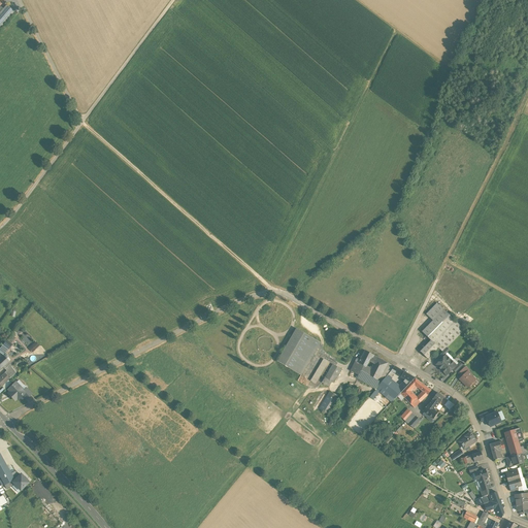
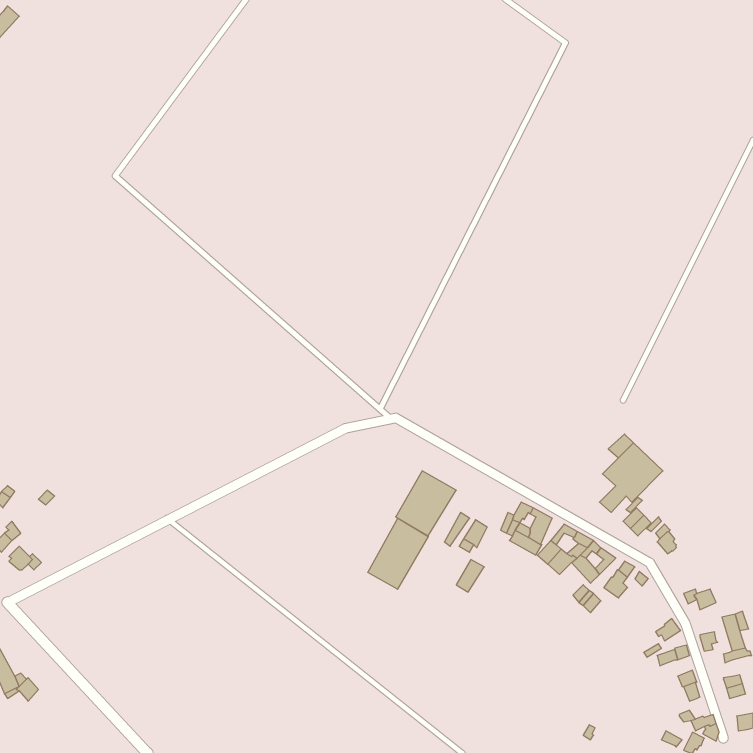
building: none -> [368,518,428,589]

